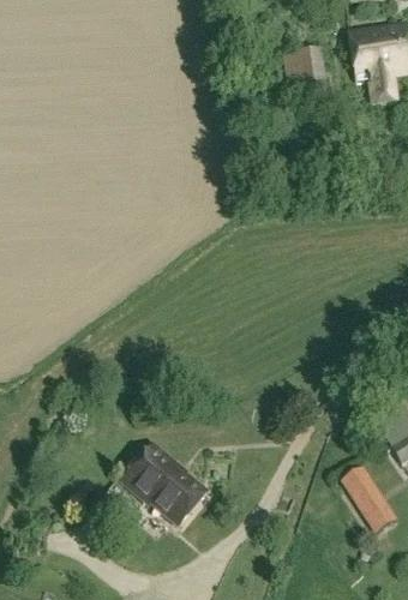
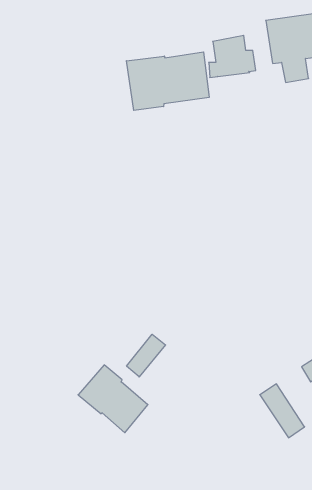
building: none -> [126,52,209,110]
building: none -> [127,334,166,377]

